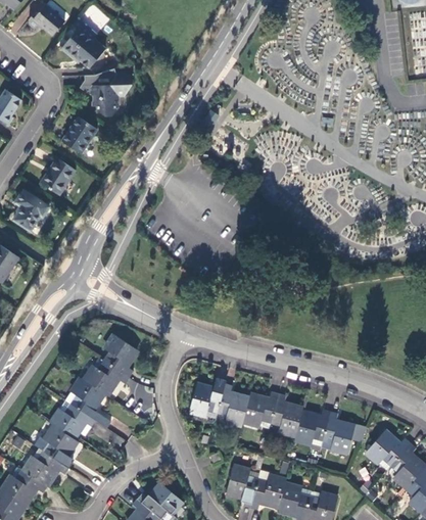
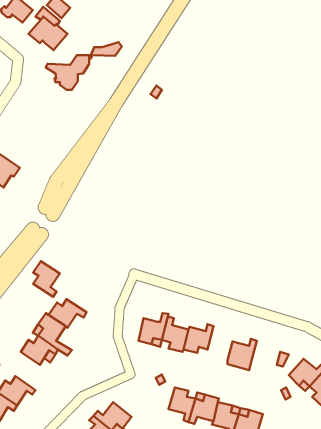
building: [79,69,117,89] -> [89,42,122,59]
building: [62,117,98,153] -> none
building: [40,158,77,195] -> none
building: [105,336,137,378] -> [33,261,60,297]
building: [272,394,302,435] -> none
building: [323,412,354,454] -> none
building: [44,427,77,470] -> none

